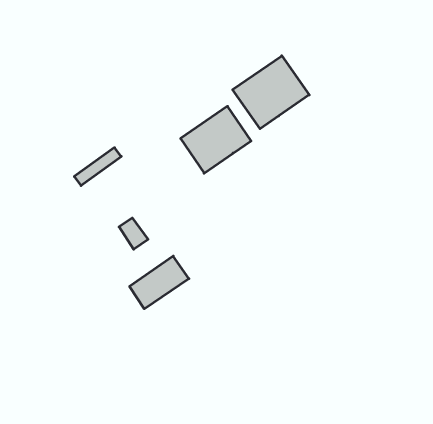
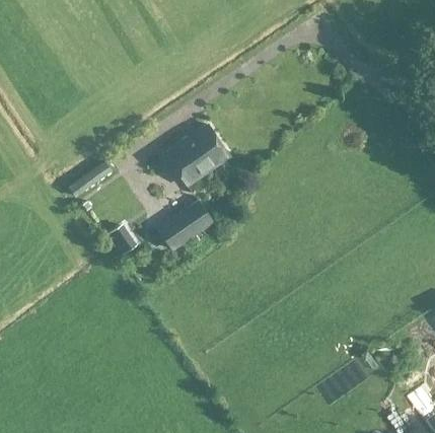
building: [233,56,309,129] -> none
building: [130,256,189,309] -> [159,202,213,249]

